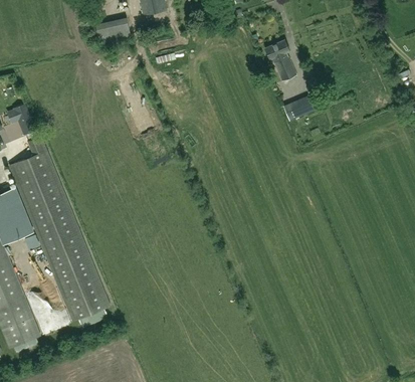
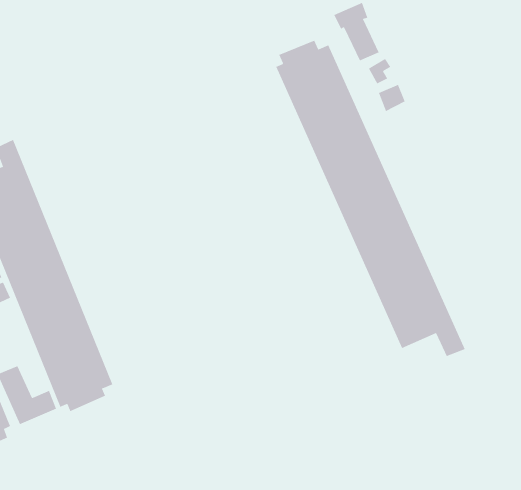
building: none -> [275,40,466,357]

